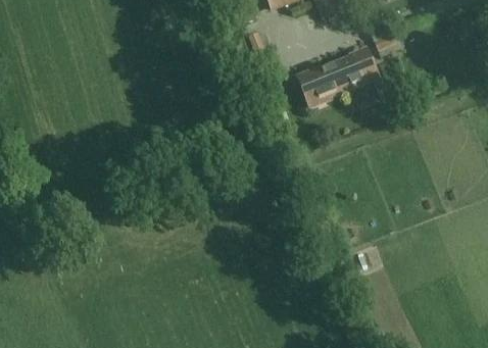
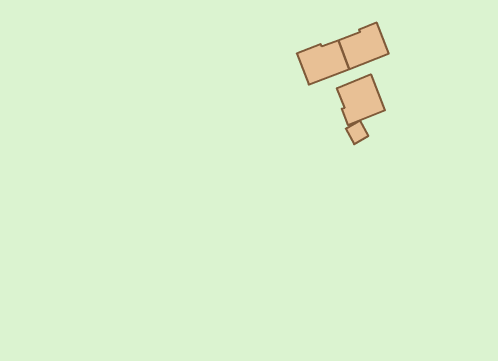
building: none -> [337,74,385,125]

